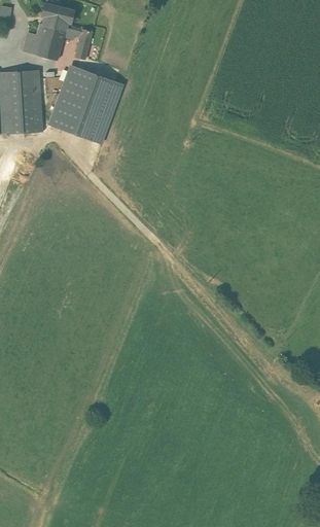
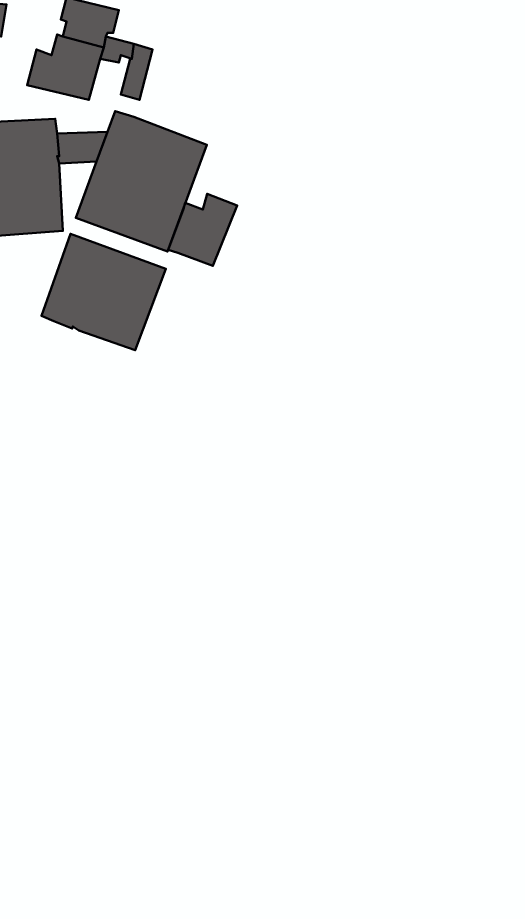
building: none -> [168,194,237,266]
building: none -> [42,234,166,350]

